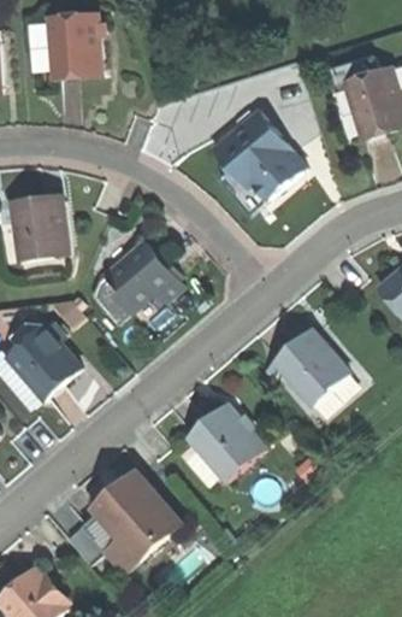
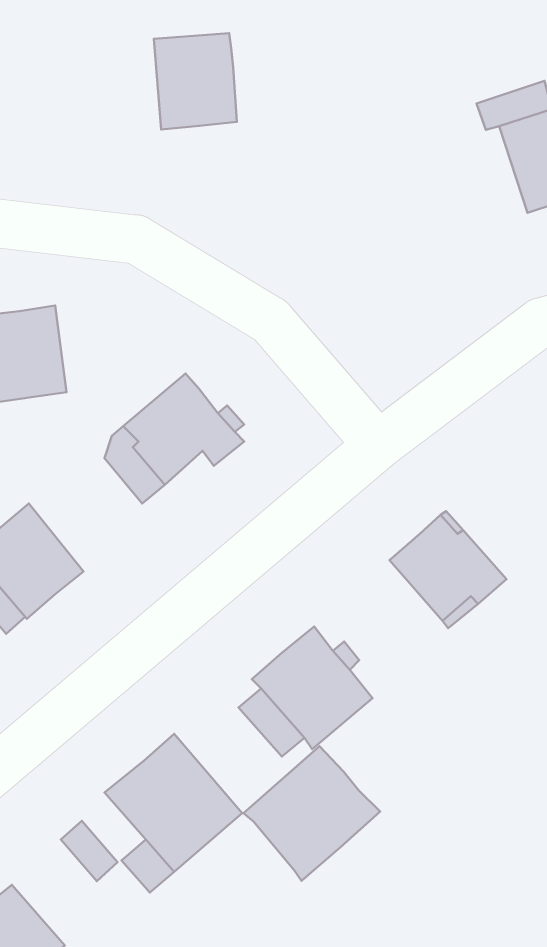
building: [47,13,100,75] -> [154,33,237,129]
building: [213,110,306,199] -> none
building: none -> [244,746,380,881]

